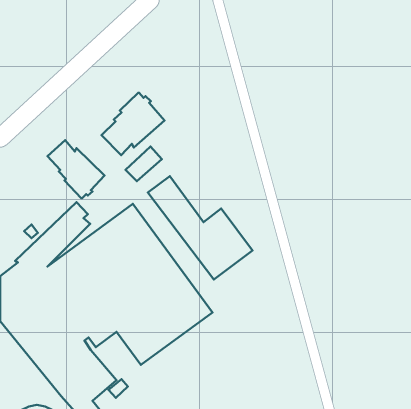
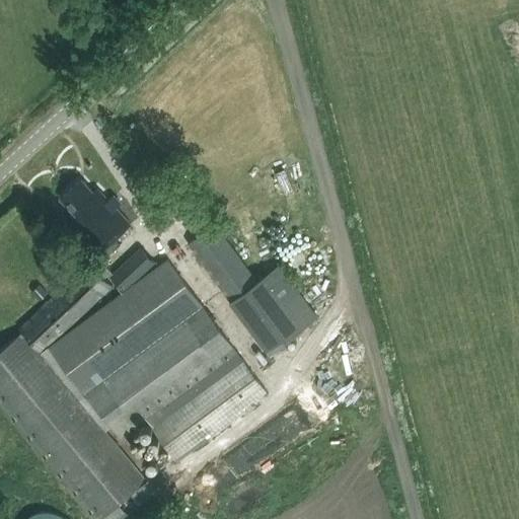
building: [101,93,164,155] -> none
building: [126,146,162,181] -> [109,248,155,292]

